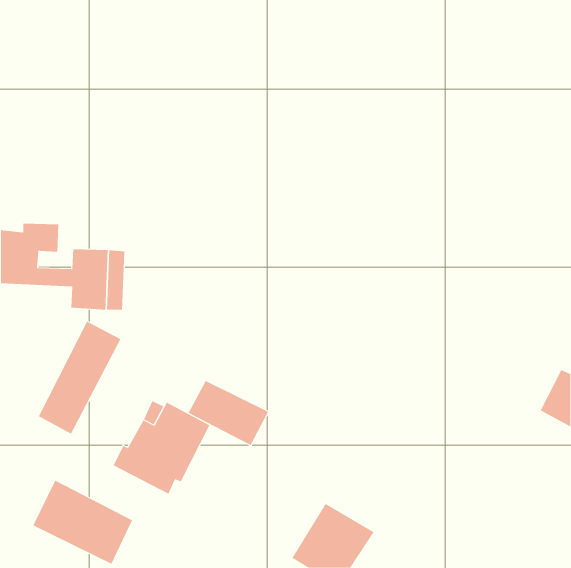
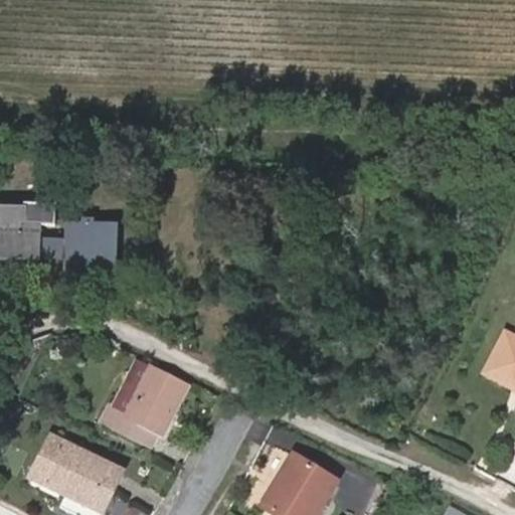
building: [38,321,121,435] -> none
building: [188,380,269,446] -> none

